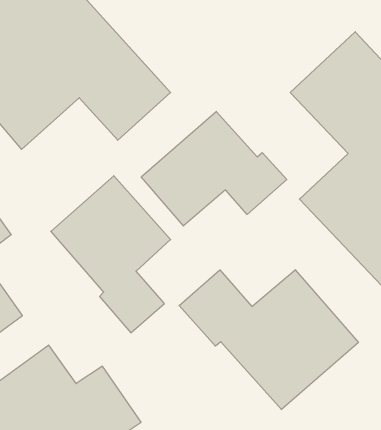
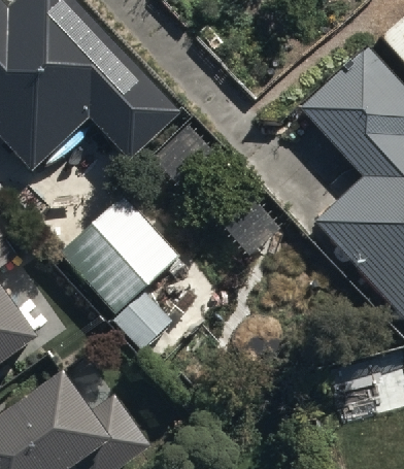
building: [141,111,287,226] -> none
building: [179,270,358,410] -> none

